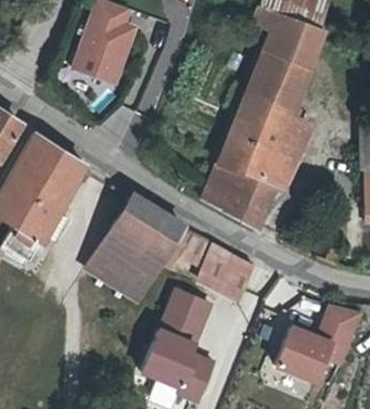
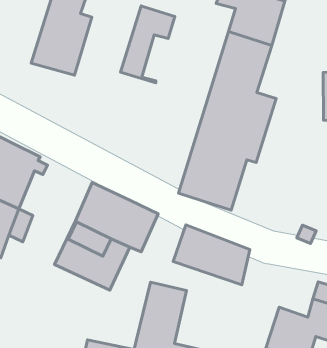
building: none -> [121,6,175,83]

